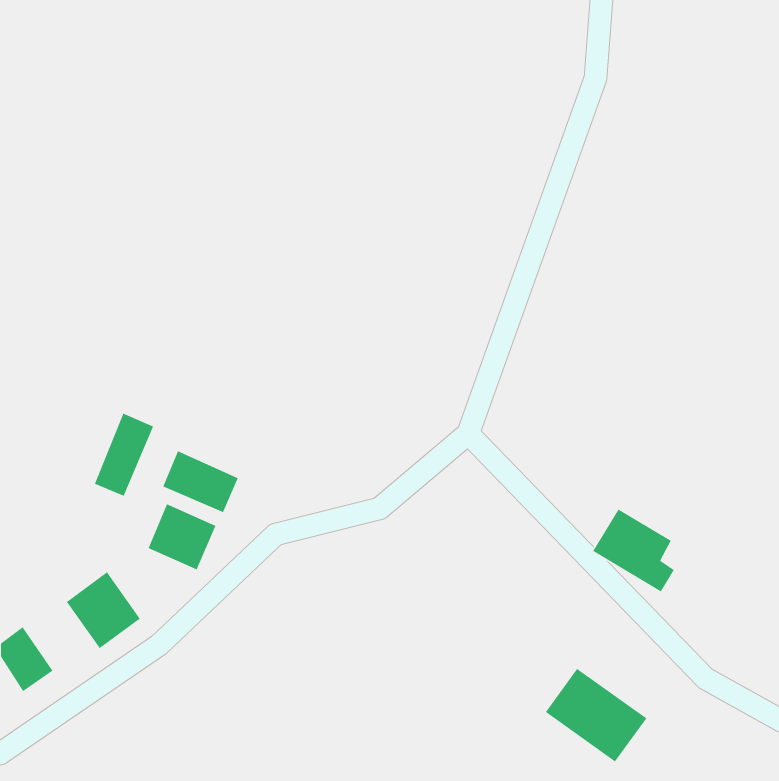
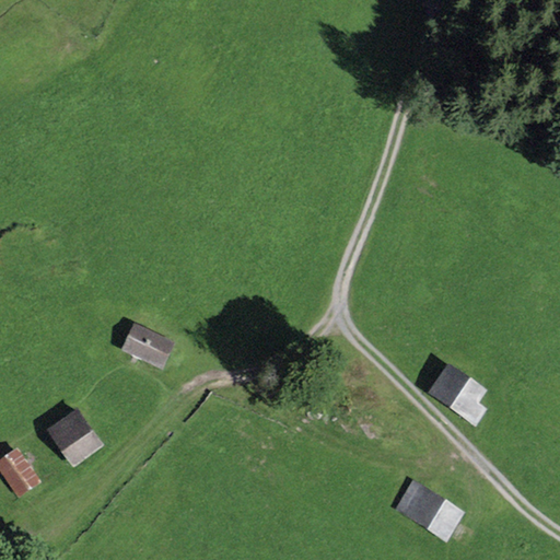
building: [94,412,154,497] -> none
building: [147,503,216,571] -> none

